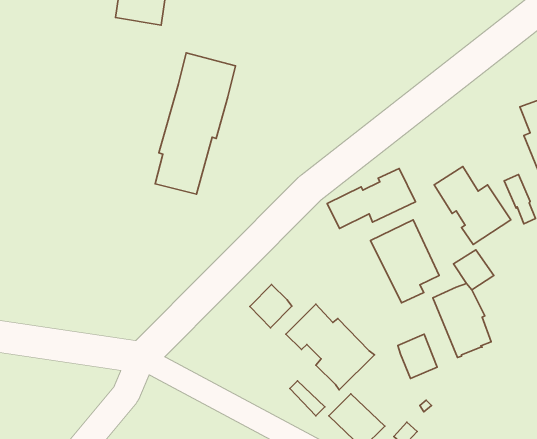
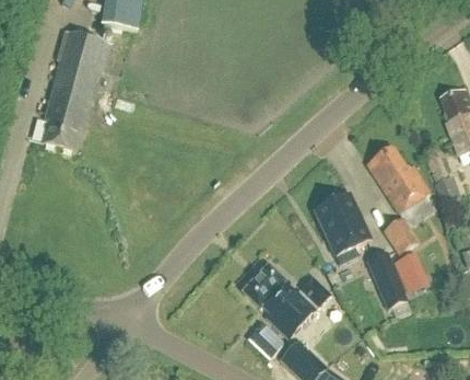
building: [155,53,236,194] -> [40,32,108,151]
building: [327,169,415,228] -> none
building: [250,284,292,328] -> none
building: [398,334,437,378] -> none

